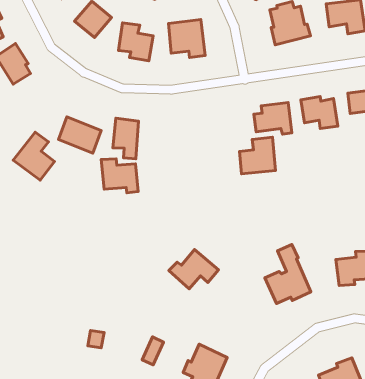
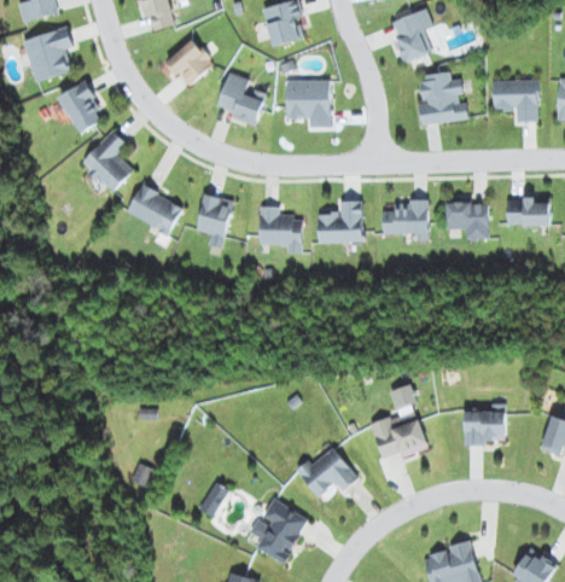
building: [13,132,55,180] -> [80,129,133,192]
building: [240,137,276,174] -> [316,199,362,243]
building: [101,159,138,193] -> [257,205,302,252]
building: [169,250,219,289] -> [295,447,359,496]

